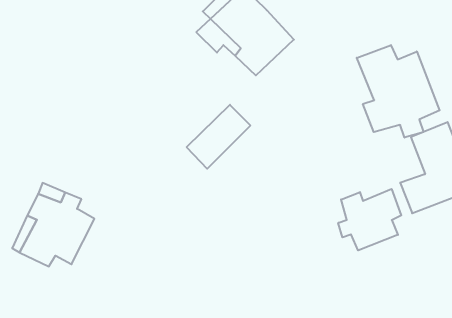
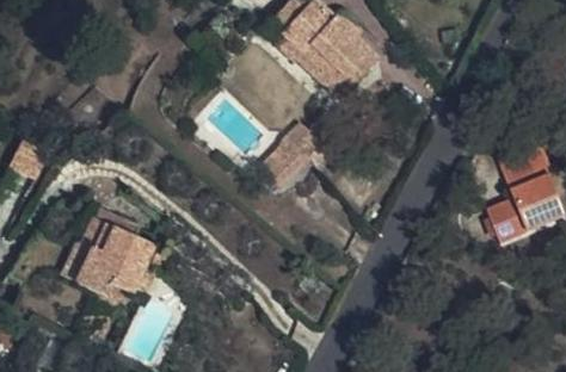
building: [357,45,440,138] -> none
building: [338,189,401,250] -> none

